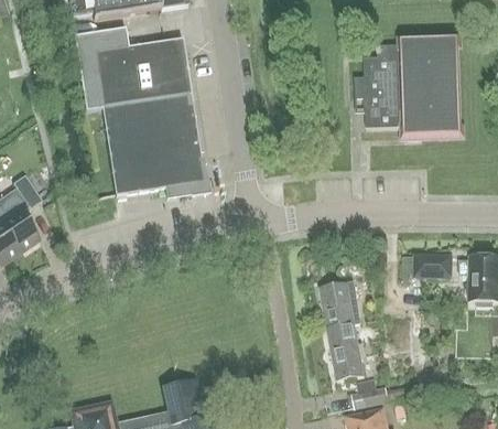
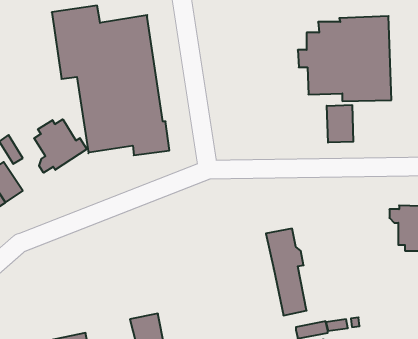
building: none -> [327,105,353,143]
building: none -> [34,119,87,173]
building: [413,254,452,277] -> none

